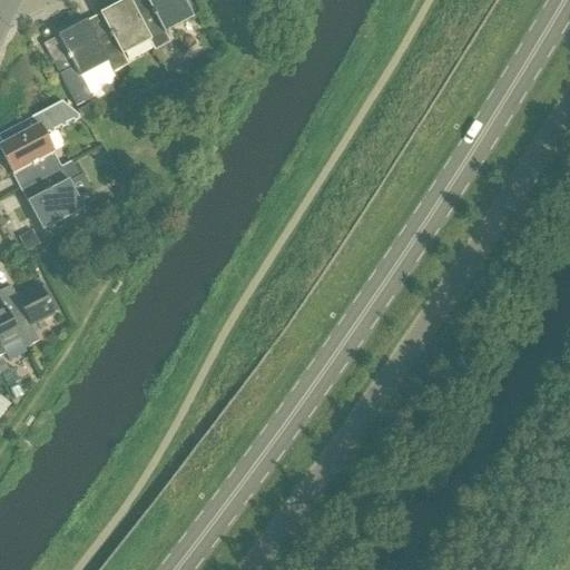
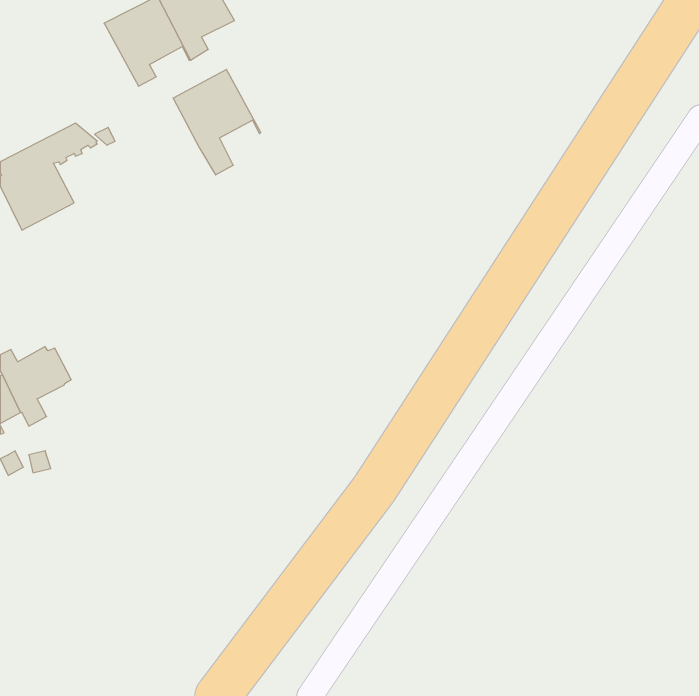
building: [42,19,114,105] -> [173,69,261,175]
building: [19,161,83,229] -> none

